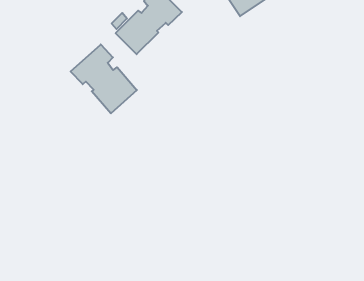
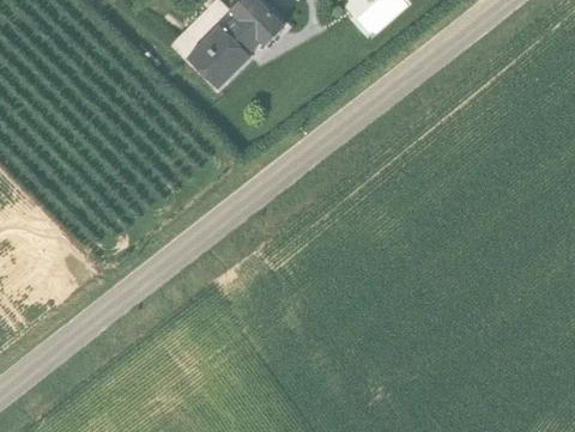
building: [71,44,137,113] -> none

